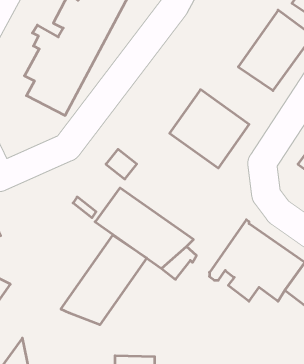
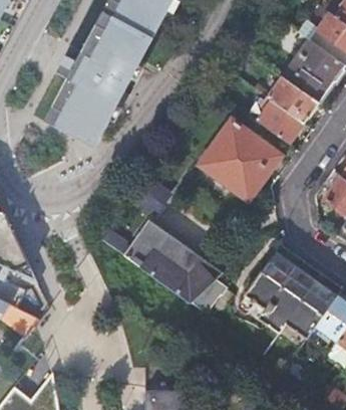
building: none -> [256,95,303,143]
building: [61,235,147,325] -> none

